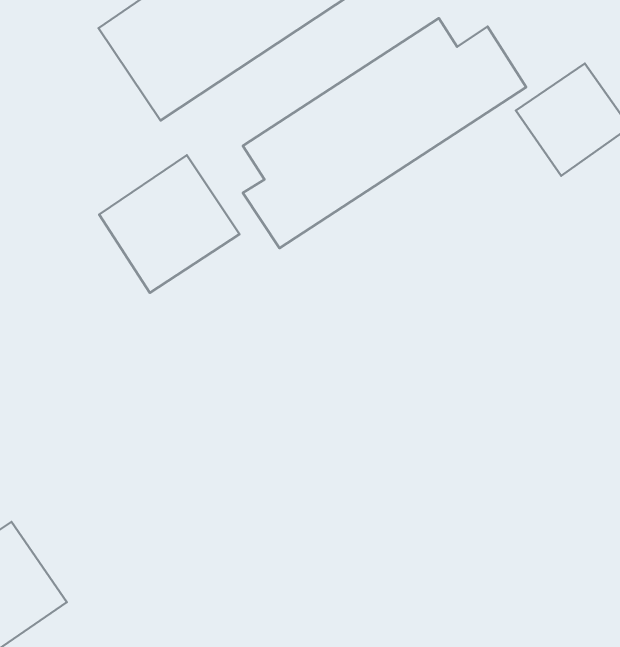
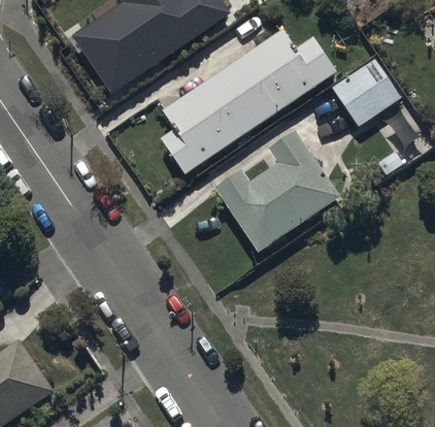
building: [99,155,240,293] -> none
building: none -> [213,131,341,254]

